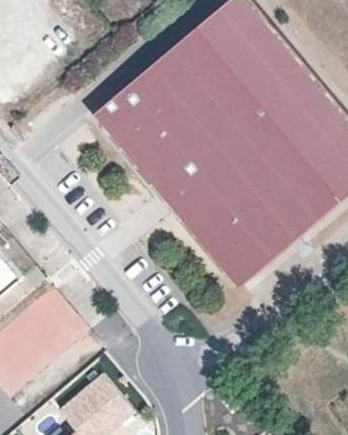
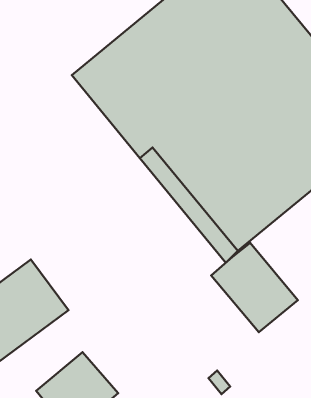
building: none -> [211,243,298,332]

